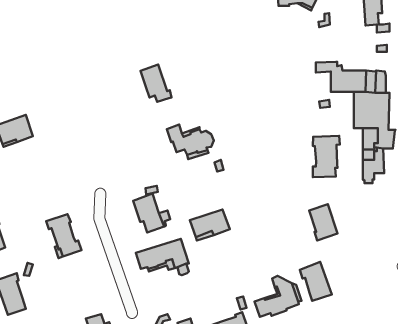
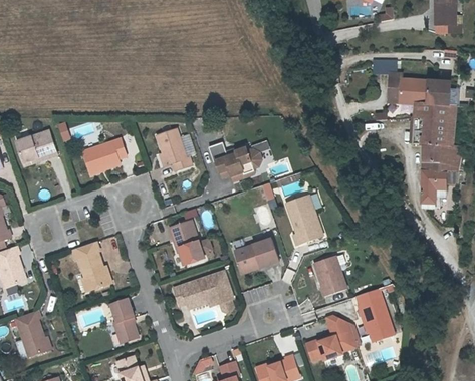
building: [140,65,172,102] -> [156,128,191,170]
building: none -> [81,138,125,173]
building: [313,136,340,177] -> none
building: none -> [285,194,322,244]
building: [309,204,338,241] -> [313,254,345,295]
building: none -> [108,298,137,342]

